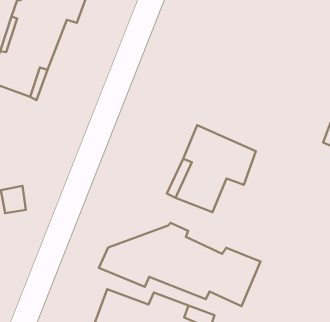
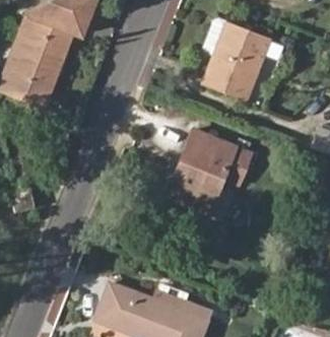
building: none -> [205,19,270,100]
building: [99,223,261,306] -> none

